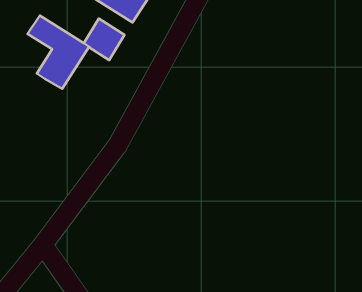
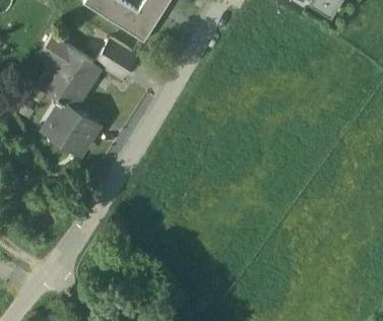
building: none -> [51,99,98,152]

